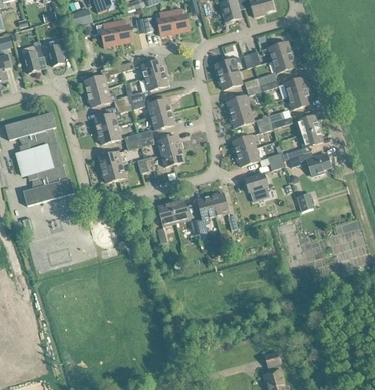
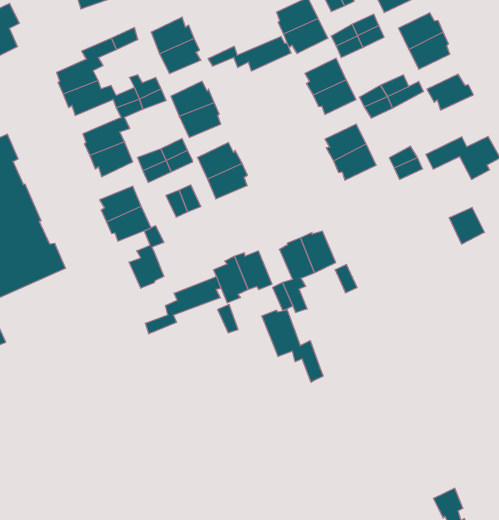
building: none -> [208,36,291,71]
building: [286,128,322,158] -> none
building: [244,173,268,201] -> none
building: none -> [129,226,164,288]
building: none -> [145,277,221,334]
building: none -> [262,310,323,382]

